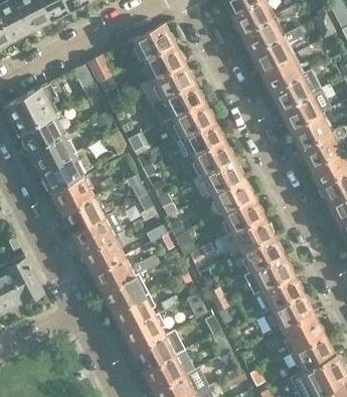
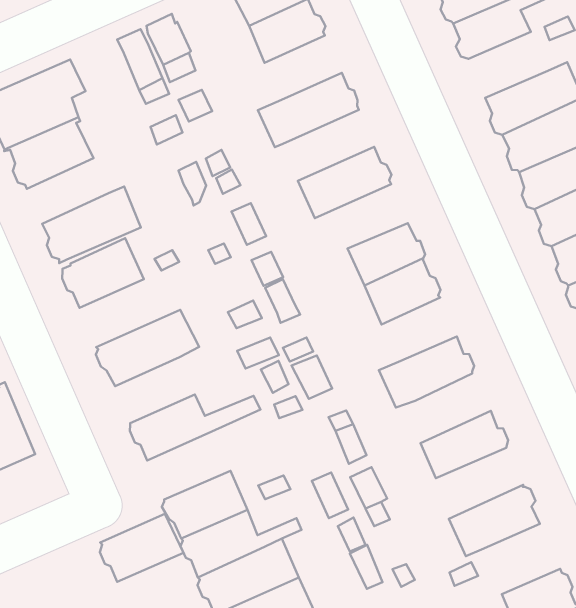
building: [258,54,301,90] -> none
building: [139,62,192,97] -> none
building: [163,101,211,140] -> none
building: [29,134,72,170] -> none
building: [178,139,231,174] -> none
building: [60,196,114,233] -> none
building: [220,197,261,232] -> none
building: [80,236,124,272] -> none
building: [240,236,281,271] -> none
building: [101,274,145,312] -> [100,514,184,582]
building: [250,274,301,314] -> none
building: [280,314,323,352] -> none

